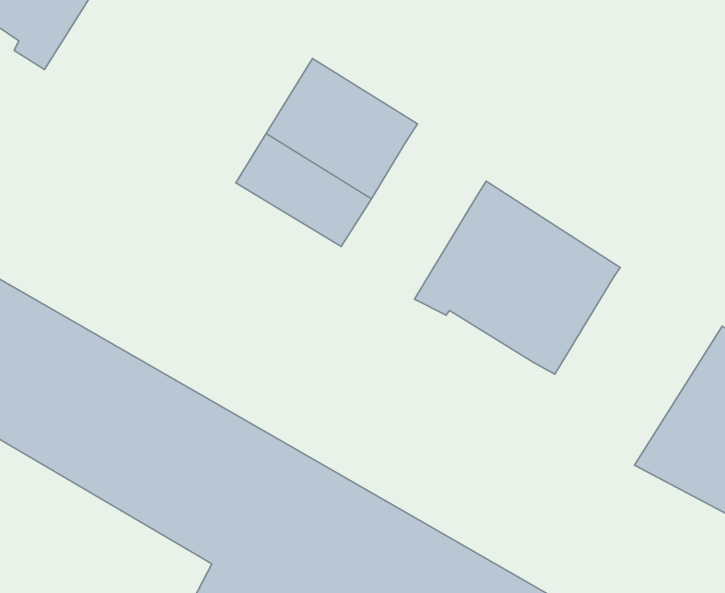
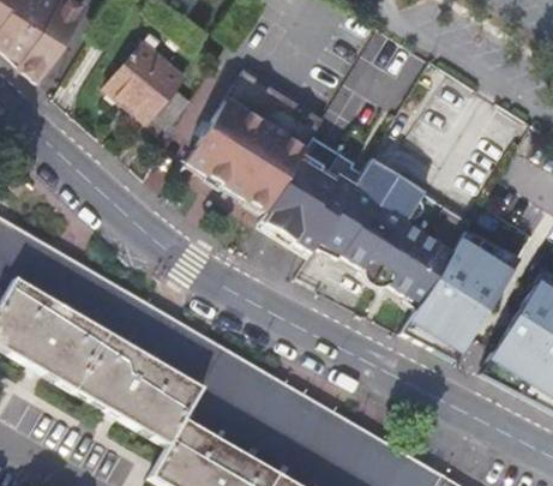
building: none -> [106,32,196,139]
building: none -> [257,133,363,254]
building: none -> [404,232,519,364]

